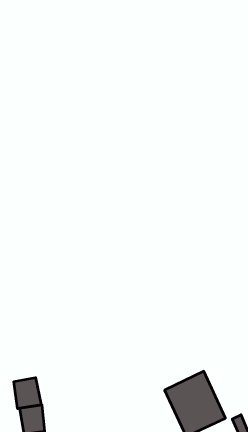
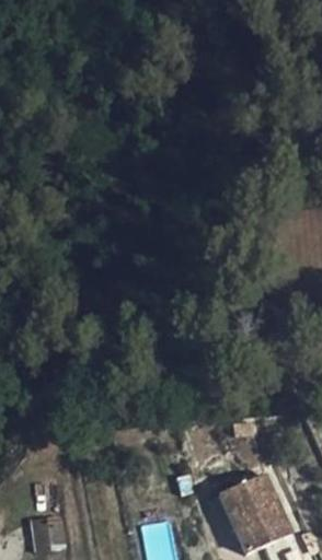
building: [14,378,41,409] -> none

